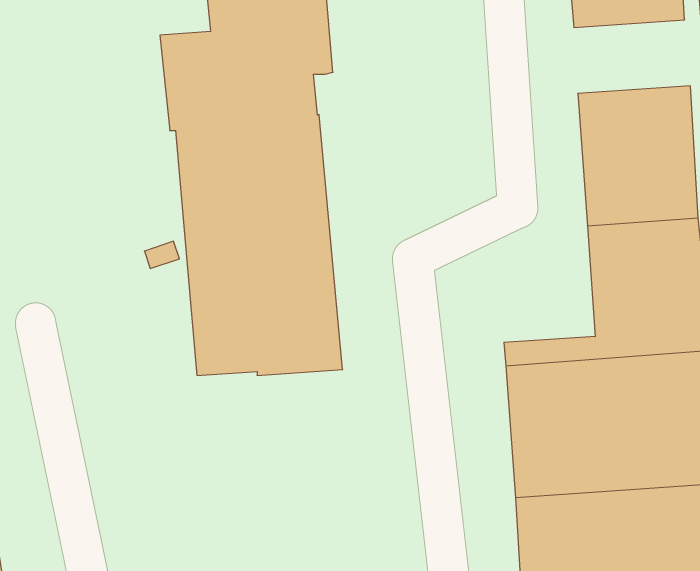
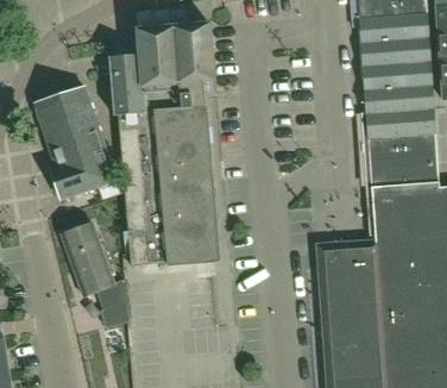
building: none -> [361,46,433,92]
building: none -> [36,87,115,198]
building: none -> [62,223,131,326]

